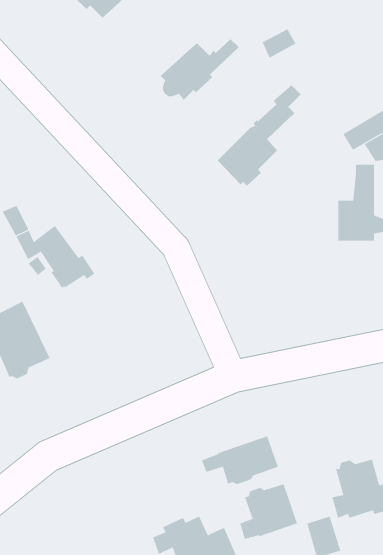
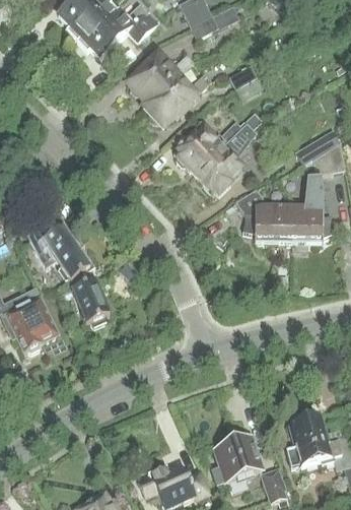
building: none -> [128,54,194,104]
building: none -> [174,121,240,173]
building: none -> [235,186,291,239]
building: none -> [68,267,109,322]
building: [201,436,278,485] -> none

